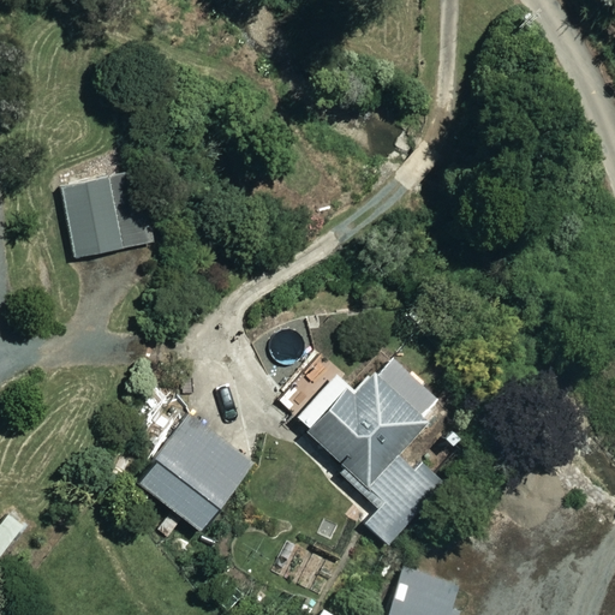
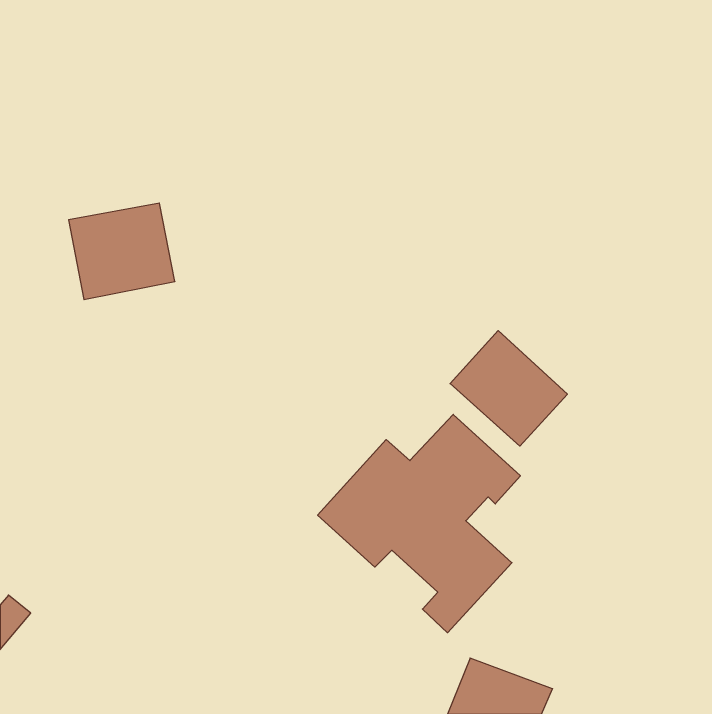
building: none -> [450,331,567,446]
building: [138,416,250,530] -> none

